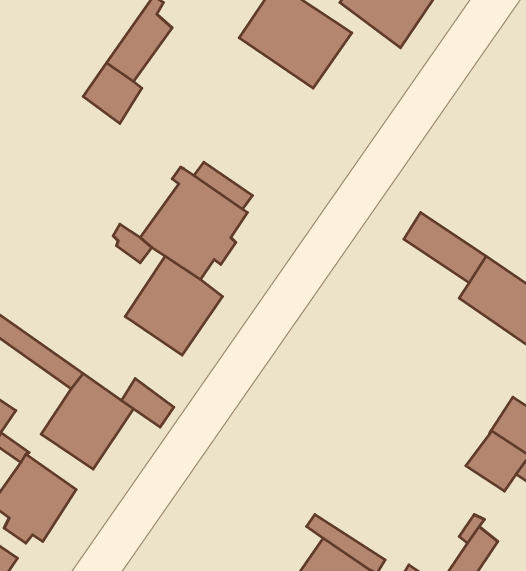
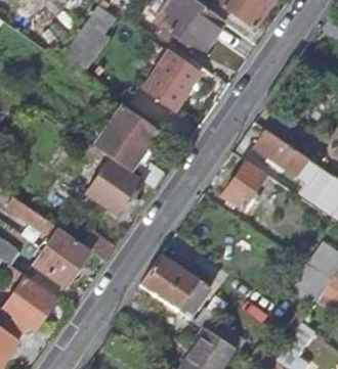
building: none -> [141,51,215,110]
building: none -> [222,162,271,207]
building: none -> [140,256,210,317]

